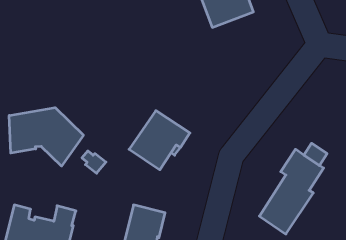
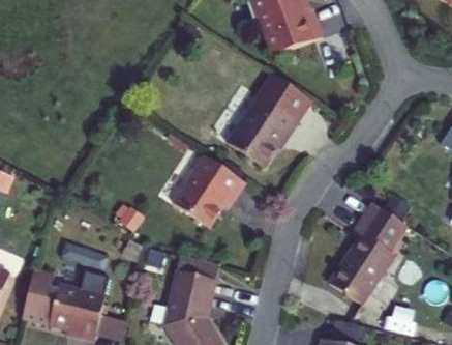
building: none -> [227,74,311,166]
building: [9,108,83,166] -> none

